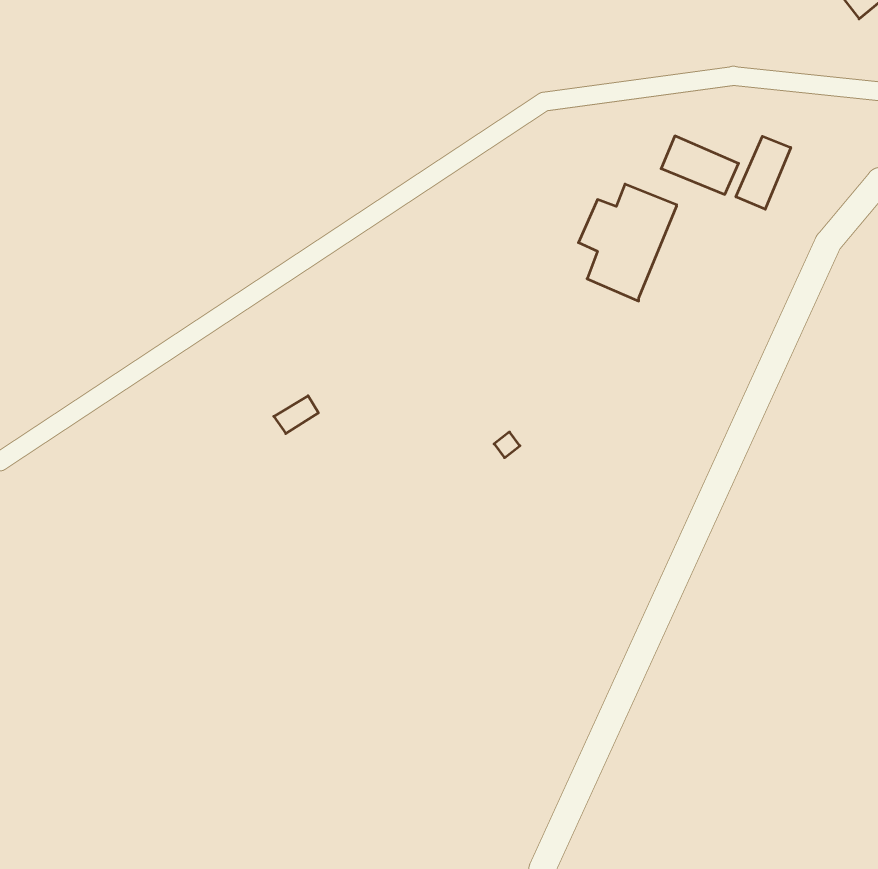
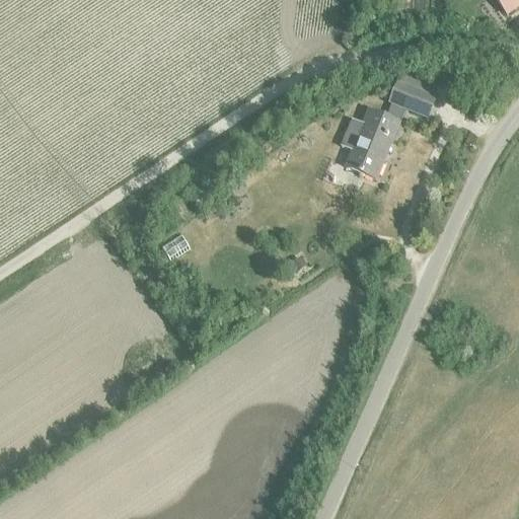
building: [736,136,791,209] -> none

